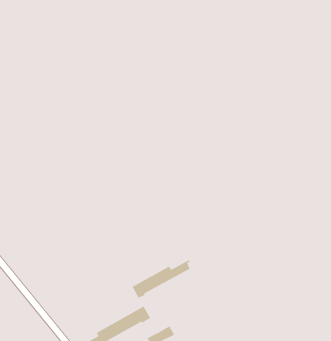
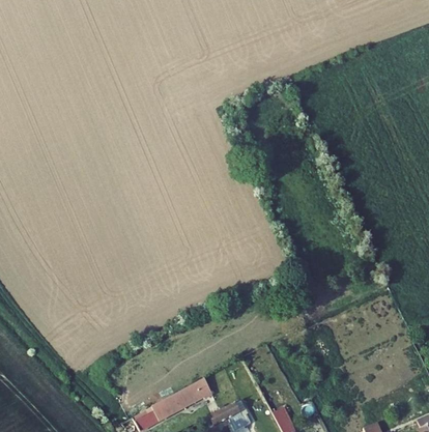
building: [132,259,190,299] -> none

